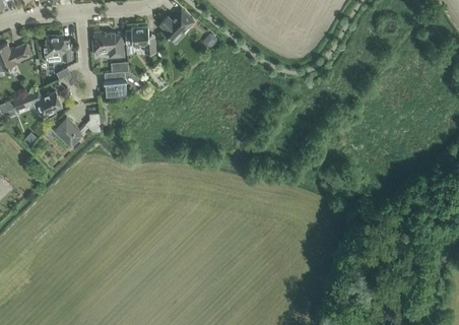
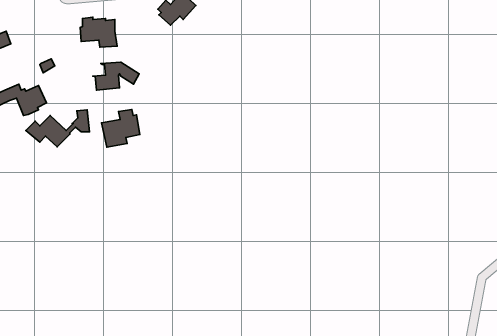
building: [124,26,155,54] -> none
building: [44,35,70,59] -> none
building: none -> [102,109,140,147]

